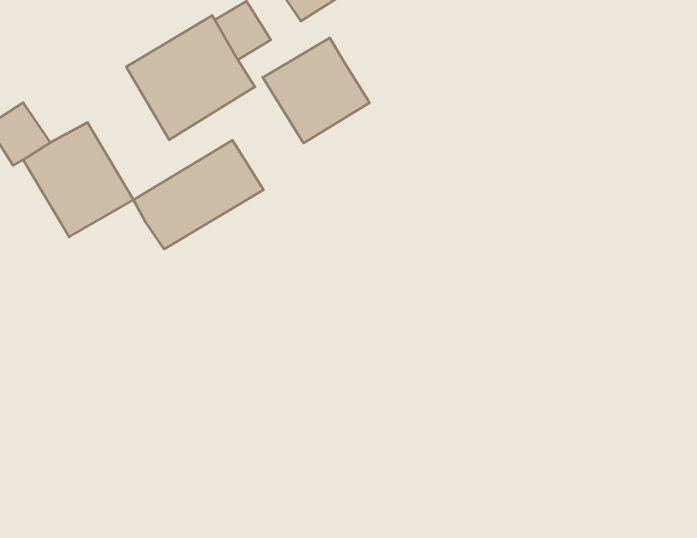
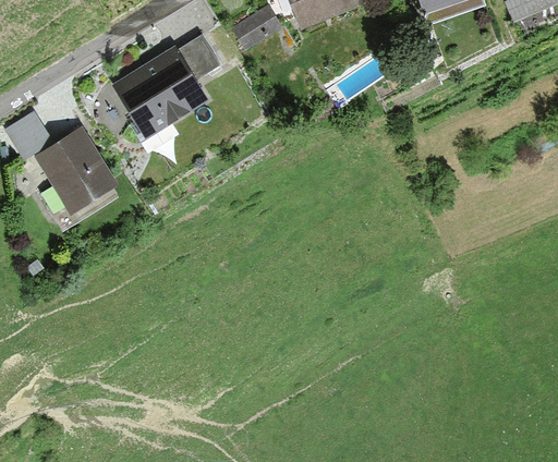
building: [263,38,369,143] -> none
building: [133,140,263,249] -> none

